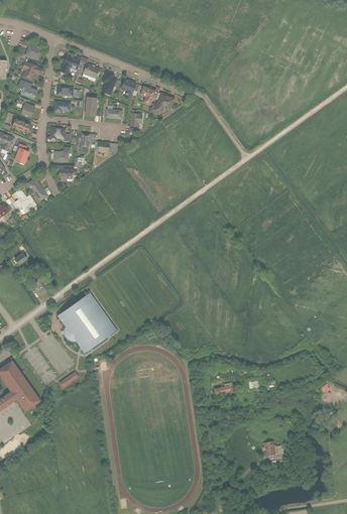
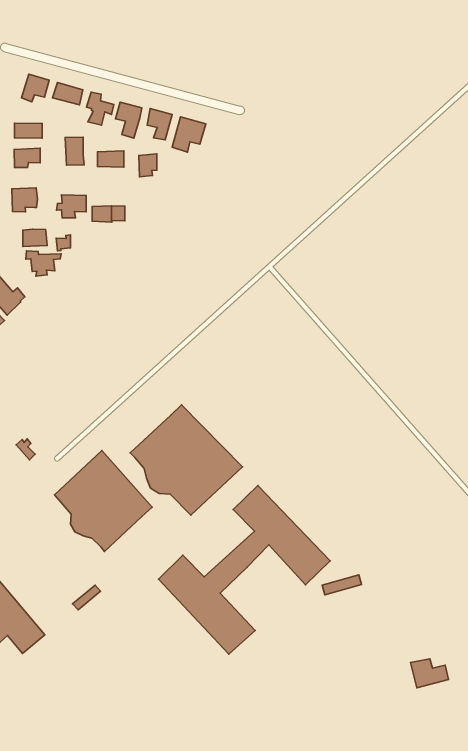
building: none -> [130,405,243,515]
building: none -> [159,485,330,654]

